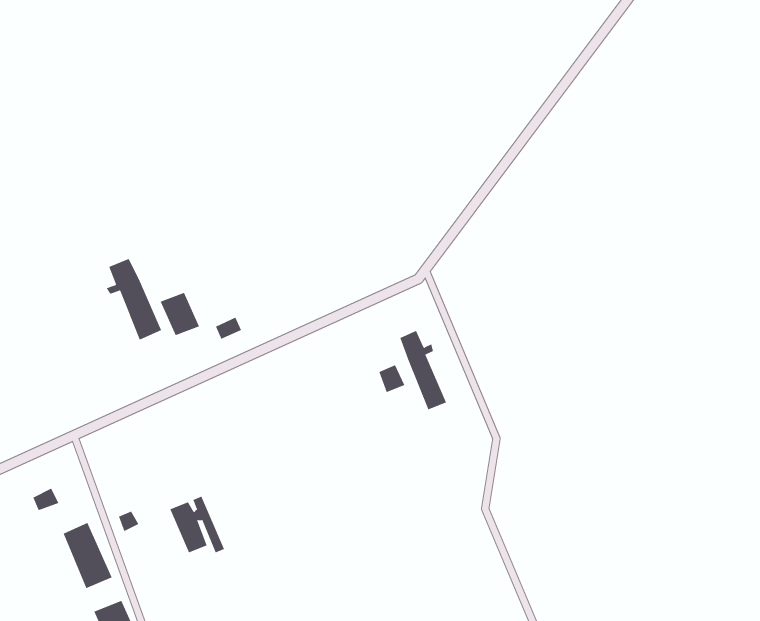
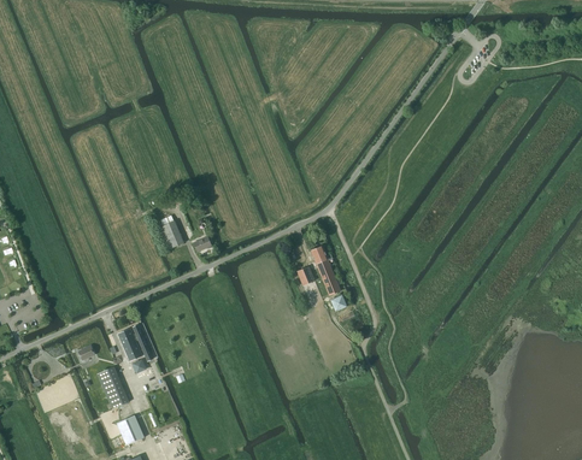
building: [106,258,162,341] -> none
building: [170,496,225,553] -> [118,324,153,360]

